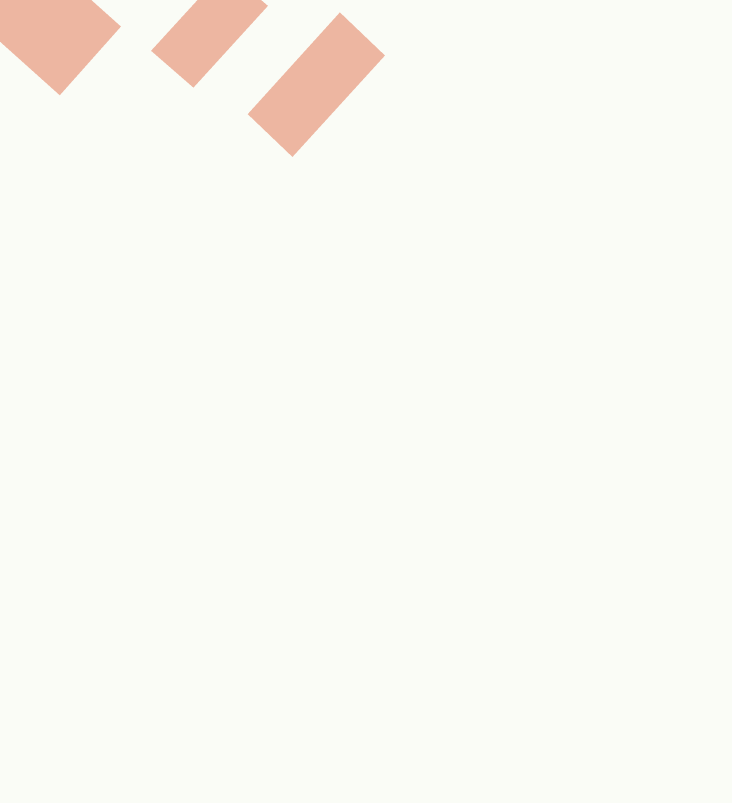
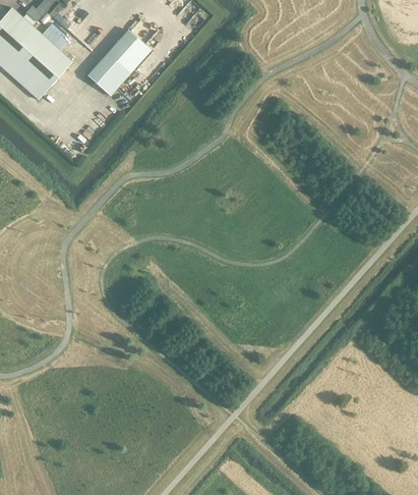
building: [247,12,386,158] -> none

